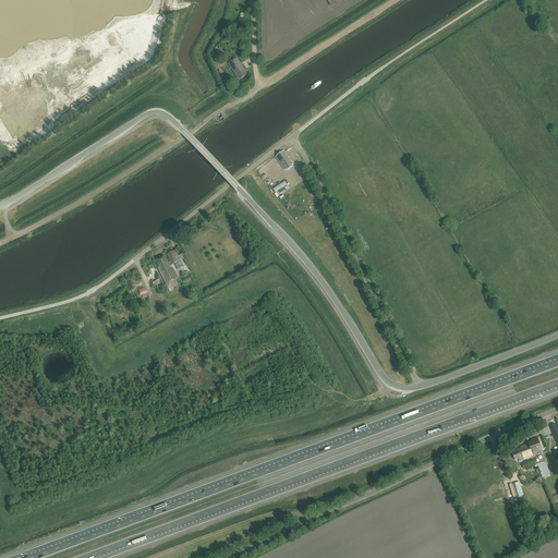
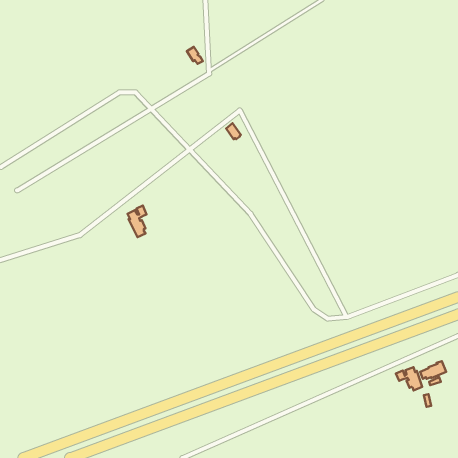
building: none -> [396,367,422,391]

